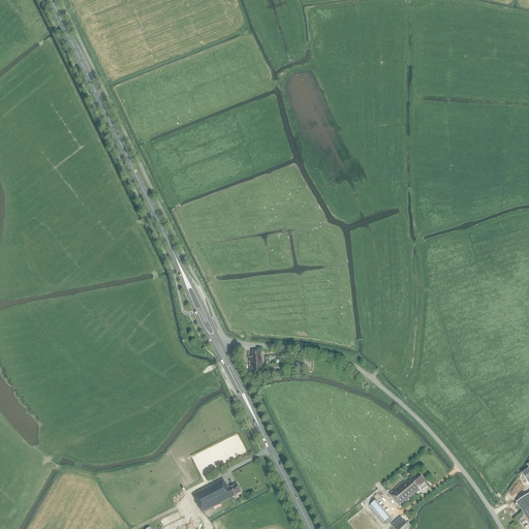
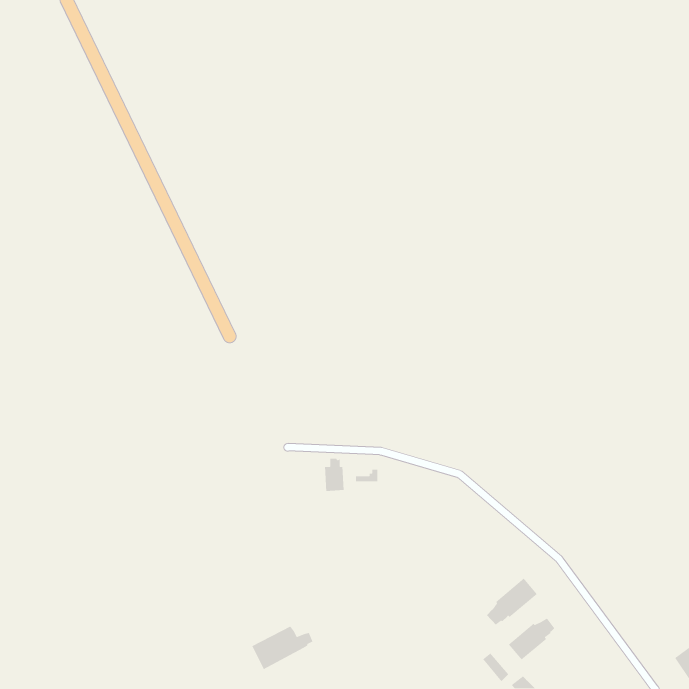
building: none -> [486,578,538,625]

